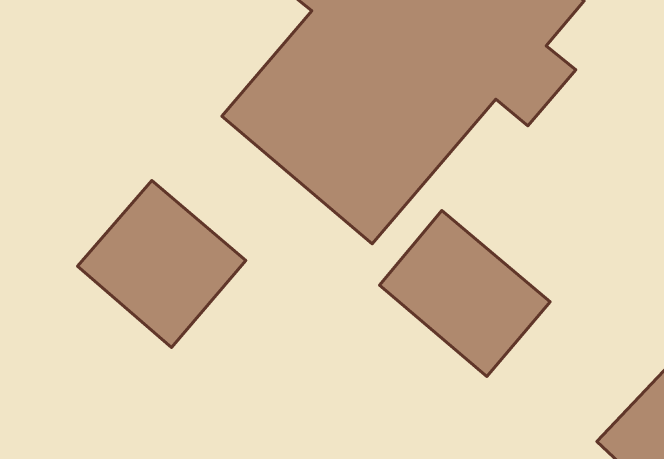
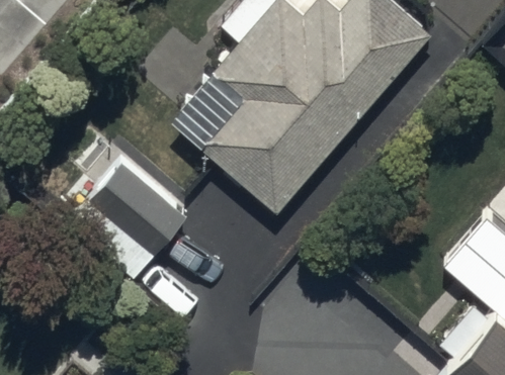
building: [380,210,550,377] -> none

